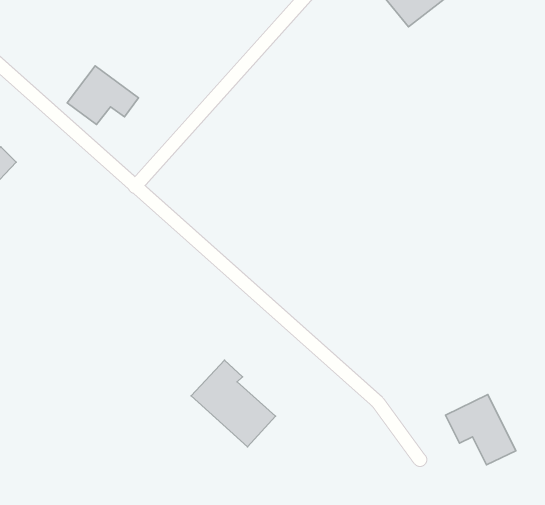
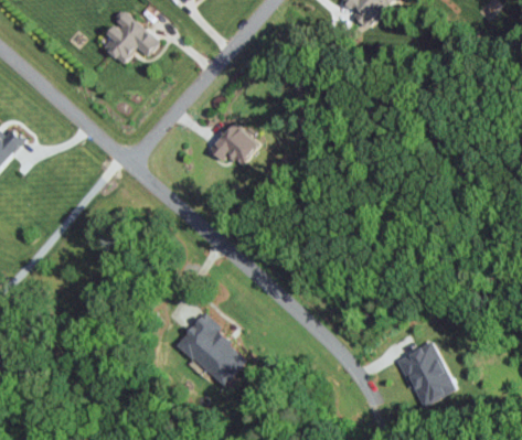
building: [67,66,139,125] -> [98,12,160,63]
building: none -> [205,121,258,165]

